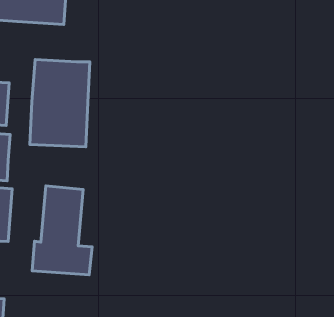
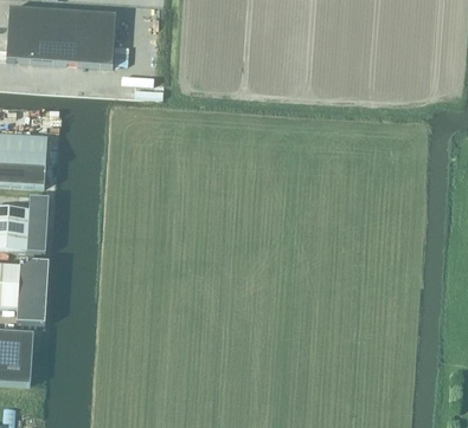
building: [30,60,90,147] -> none
building: [32,186,92,275] -> none

